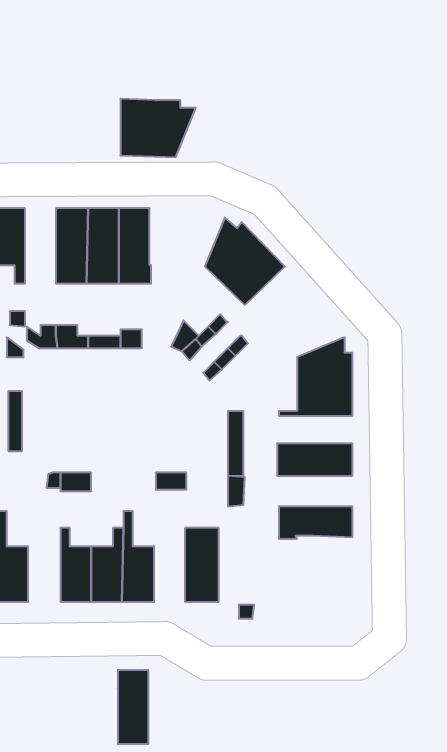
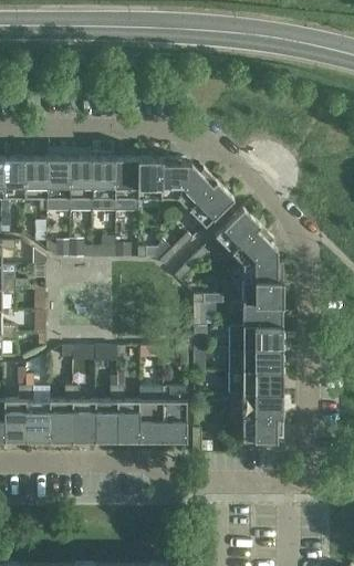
building: [120,99,196,157] -> [136,158,190,200]
building: none -> [46,158,69,212]
building: none -> [214,209,277,265]
building: none -> [229,307,282,327]
building: none -> [228,350,282,373]
building: none -> [49,388,72,441]
building: none -> [241,394,282,442]
building: [118,670,148,744] -> [139,388,162,441]

